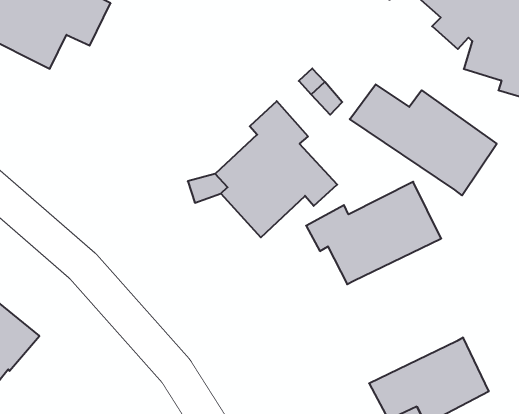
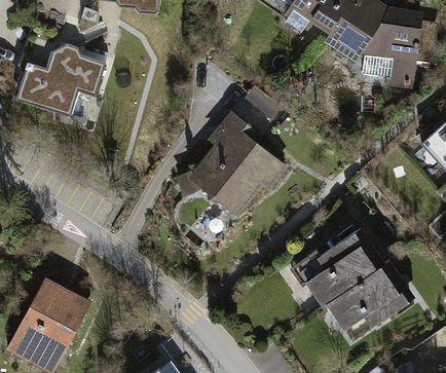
building: [350,84,497,195] -> none
building: [306,182,441,284] -> [290,227,386,306]

